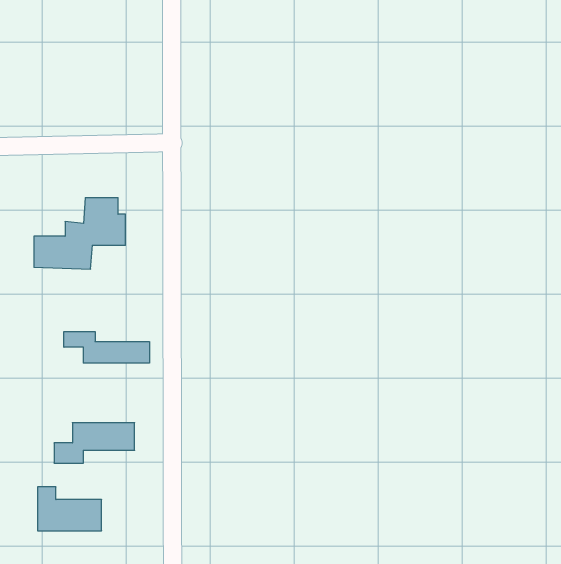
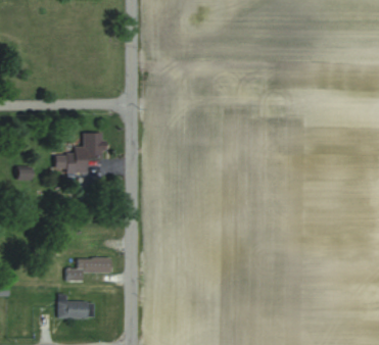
building: [64,332,149,363] -> none

